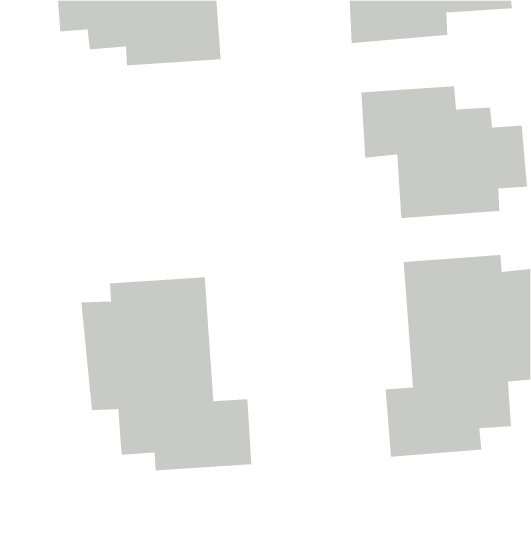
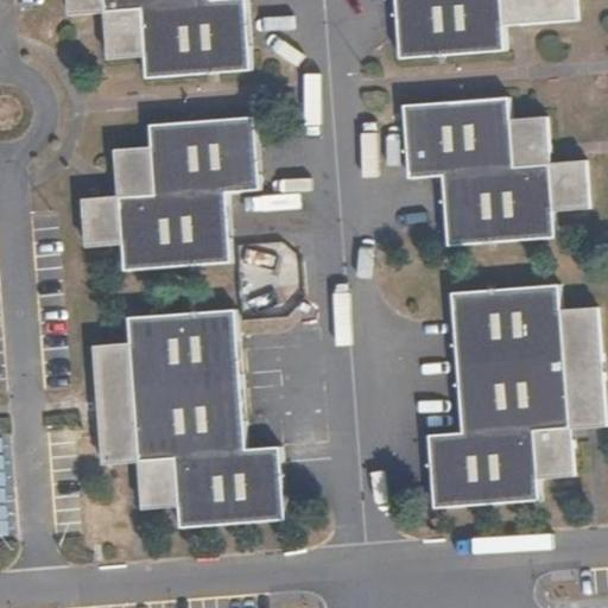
building: none -> [80,113,259,267]

